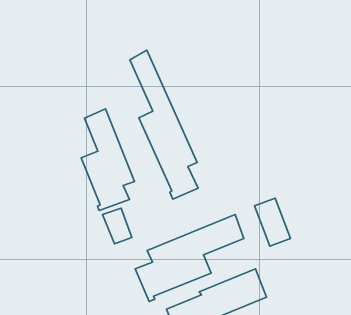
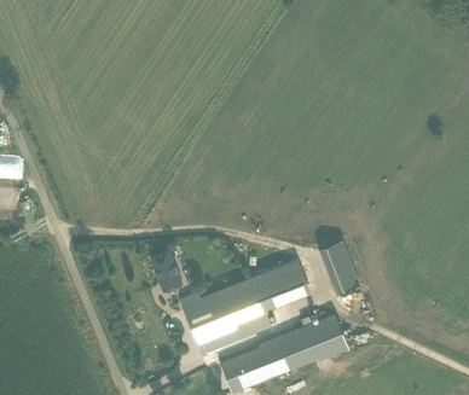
building: [130,50,198,199] -> none
building: [81,109,134,211] -> none

